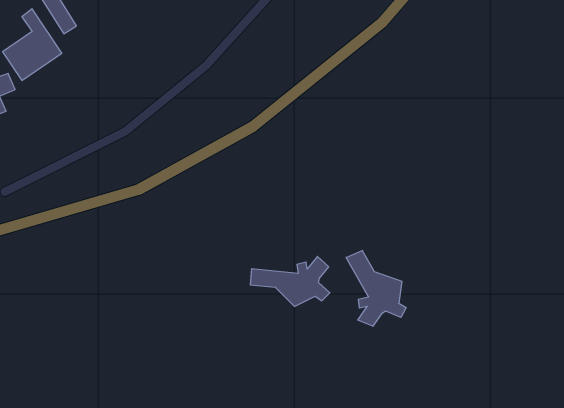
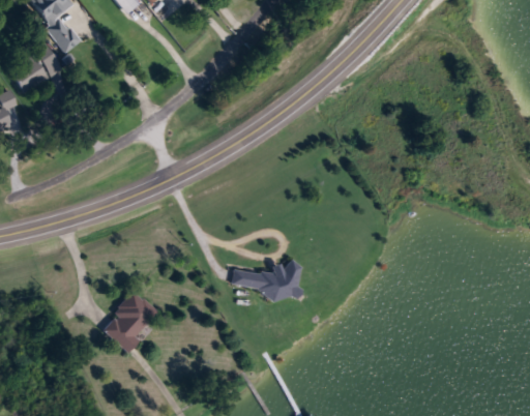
building: [346,250,406,326] -> none
building: none -> [102,292,159,353]

